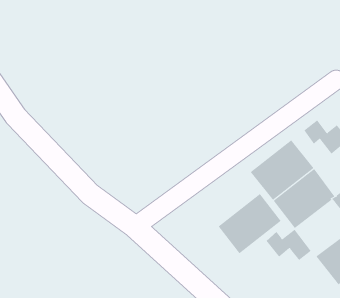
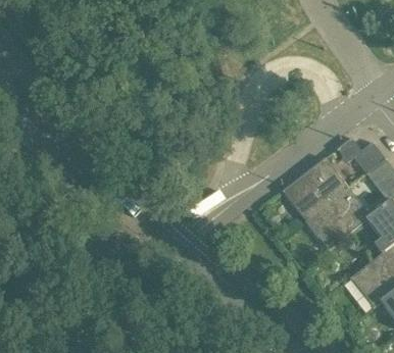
building: [218,193,282,254] -> none
building: [266,229,312,261] -> none

